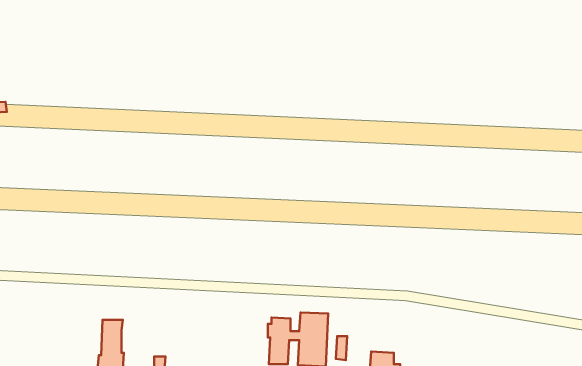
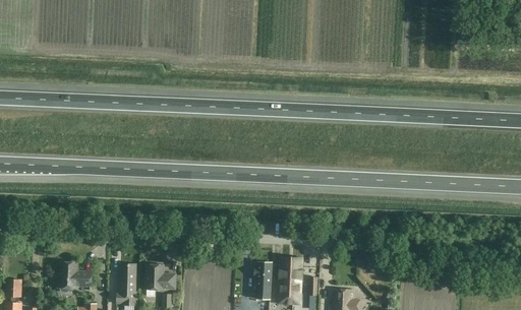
building: none -> [58,261,92,292]
building: none -> [146,263,175,289]

